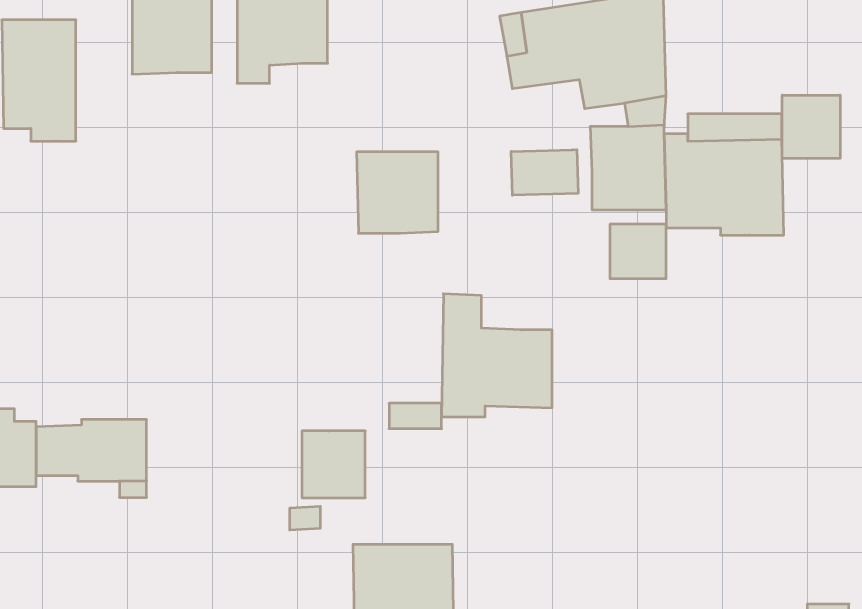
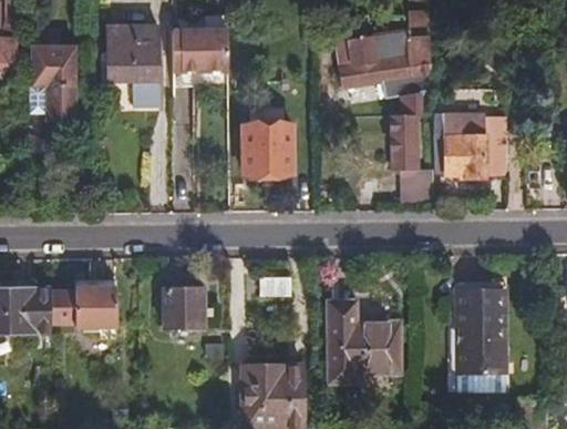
building: [782,95,840,158] -> none
building: [511,150,578,195] -> none
building: [442,294,552,417] -> [332,303,400,378]
building: none -> [458,284,509,375]
building: [302,431,365,498] -> [163,287,202,328]

